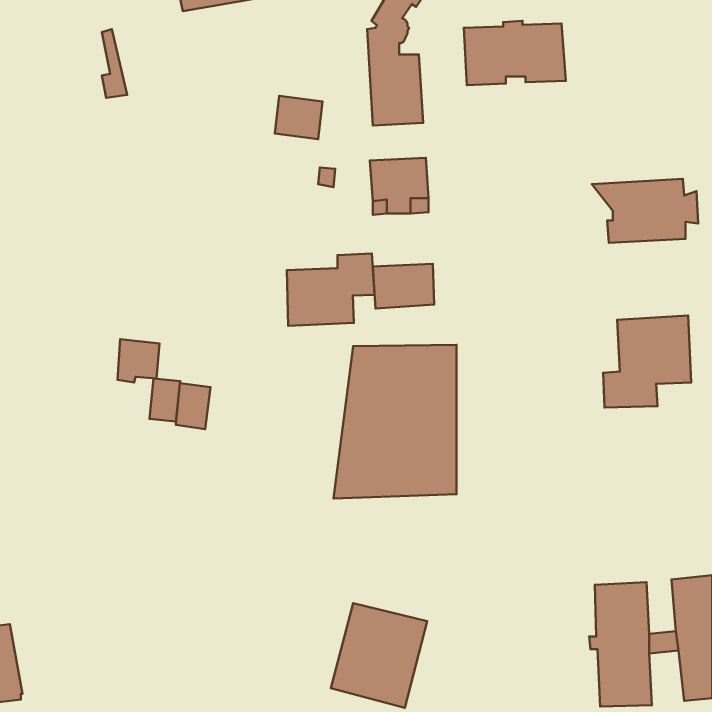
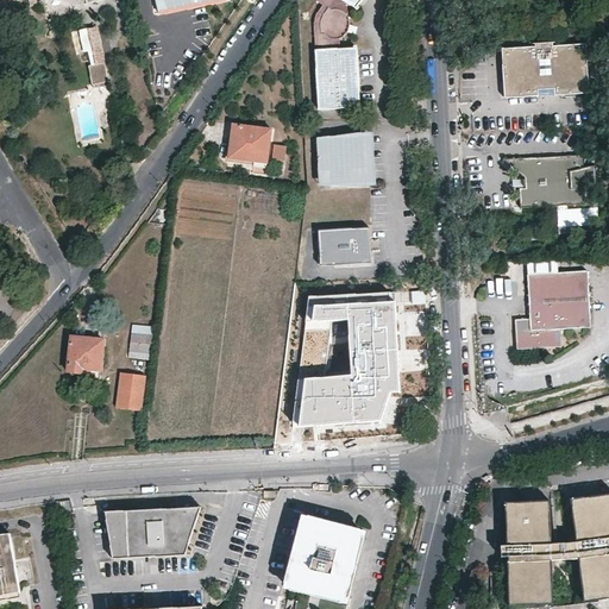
building: [464,21,566,85] -> [502,42,589,96]
building: [275,96,322,139] -> [228,124,269,161]
building: [287,253,375,326] -> none
building: [117,339,159,383] -> [67,335,102,372]
building: [176,383,211,429] -> [115,370,145,409]
building: none -> [103,506,200,557]

